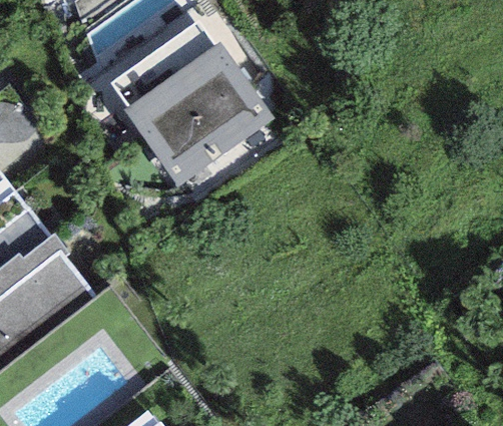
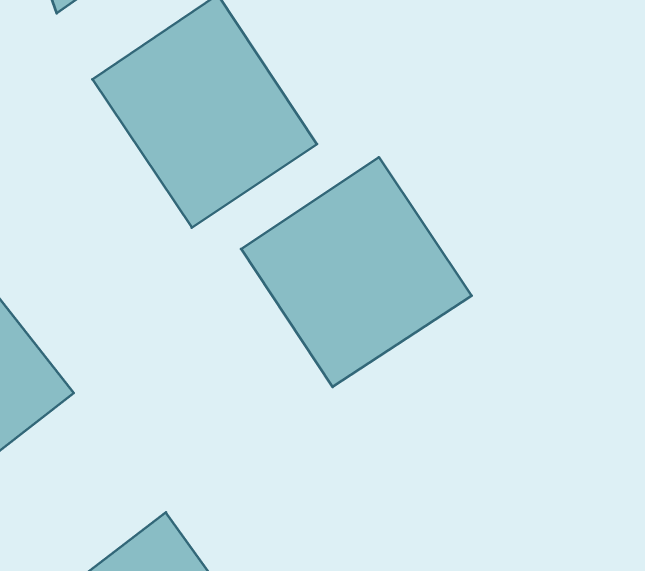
building: none -> [241,157,472,387]

